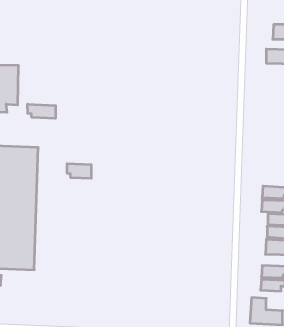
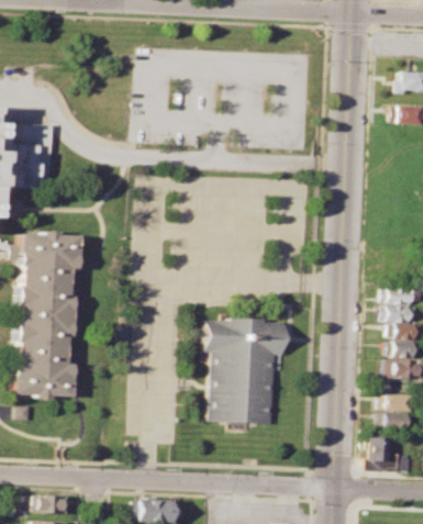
building: [28,104,56,118] -> none
building: [67,164,91,178] -> none
building: none -> [205,319,286,421]

